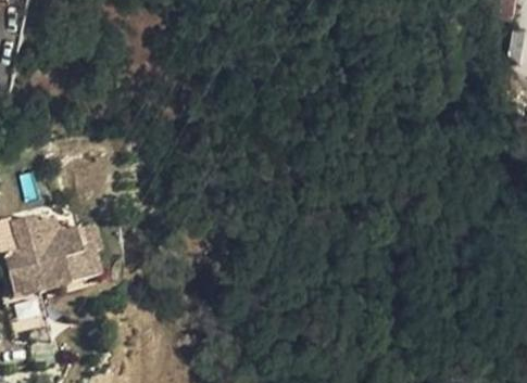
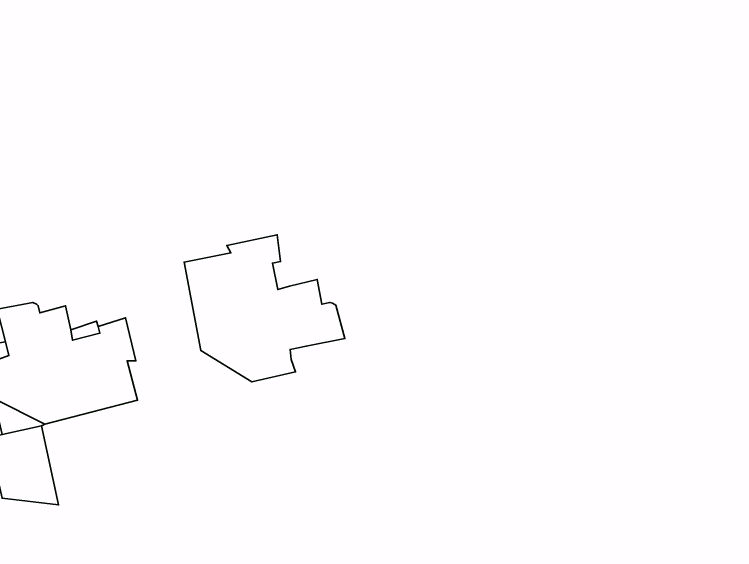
building: none -> [184,235,345,382]

